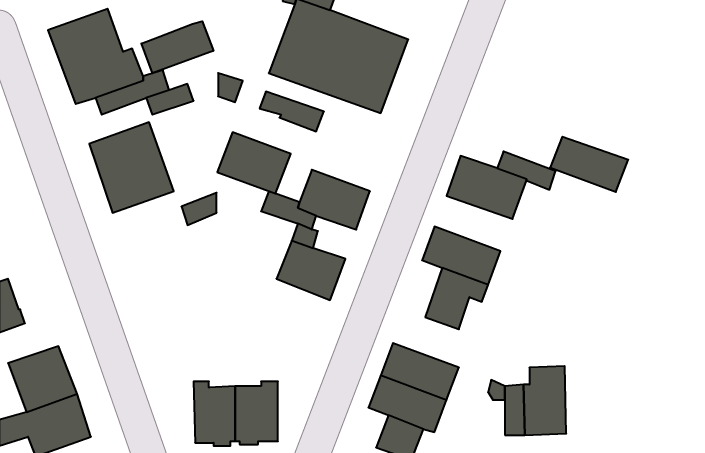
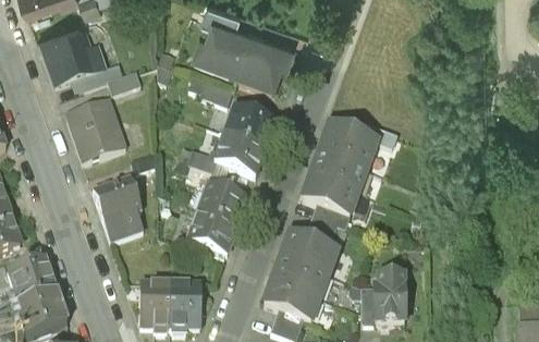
building: [141,21,213,73] -> none
building: [217,132,291,194] -> [224,107,277,150]
building: [550,137,628,192] -> [311,154,367,193]
building: none -> [94,182,144,243]
building: none -> [188,212,237,257]
building: none -> [282,234,338,276]

